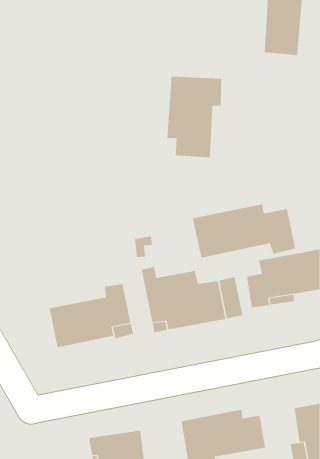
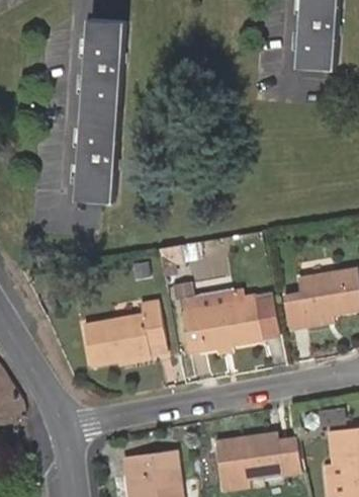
building: none -> [78,18,126,201]
building: [167,76,222,158] -> none
building: [192,203,296,259] -> none

